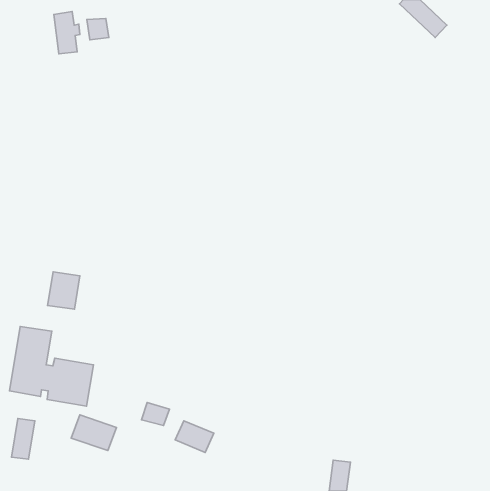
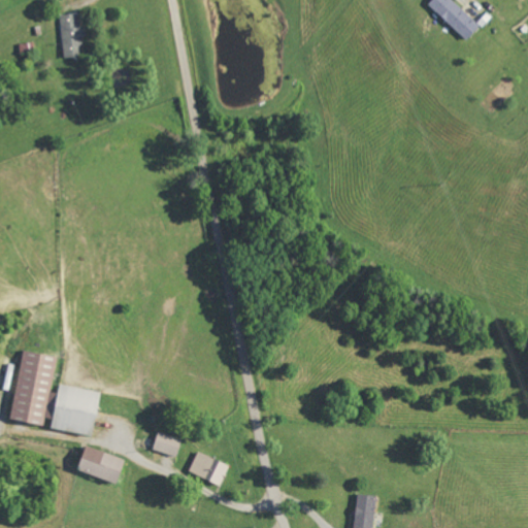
building: [87,18,109,40] -> none
building: [48,272,80,309] -> none
building: [12,419,35,459] -> none

